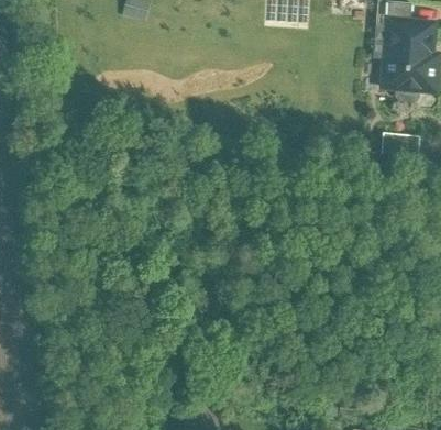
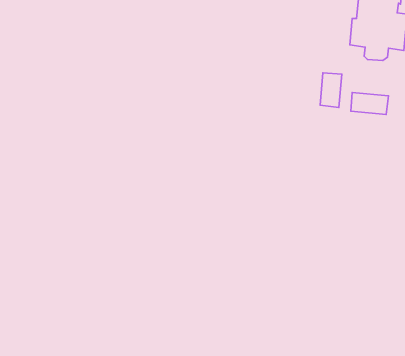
building: none -> [320,73,342,107]

